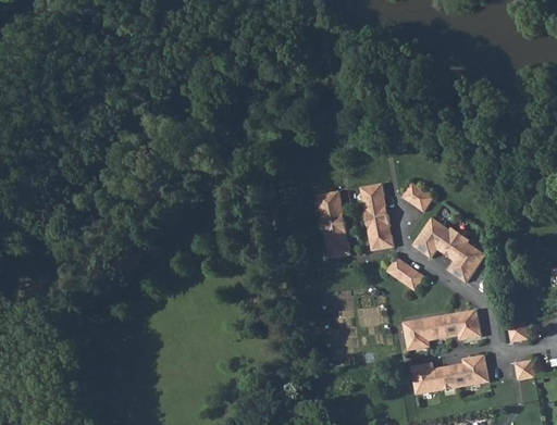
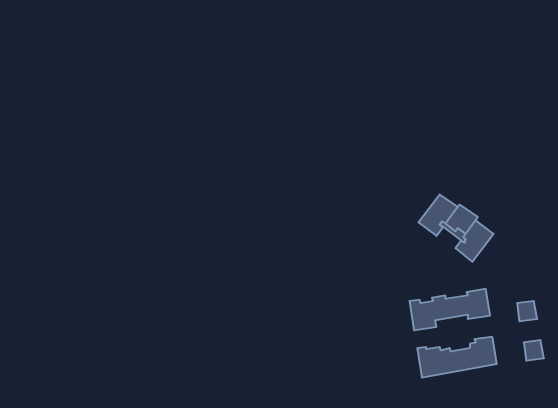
building: [403,183,434,212] -> none
building: [360,185,393,250] -> none
building: [318,192,350,258] -> none
building: [386,254,423,288] -> none

